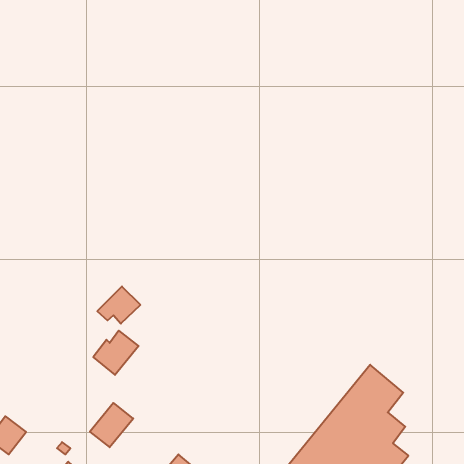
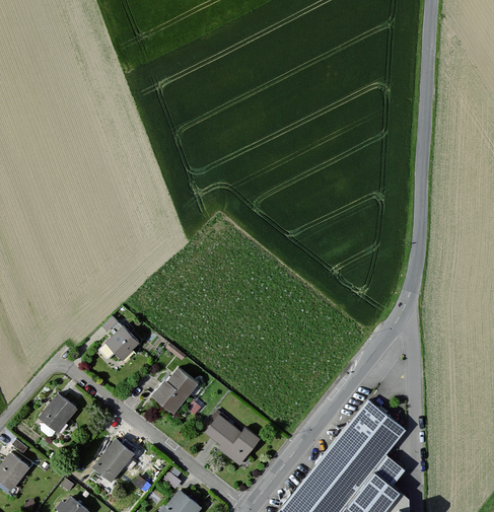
building: [93,331,139,375] -> [152,370,197,414]
building: none -> [39,393,77,434]
building: none -> [205,415,261,466]

